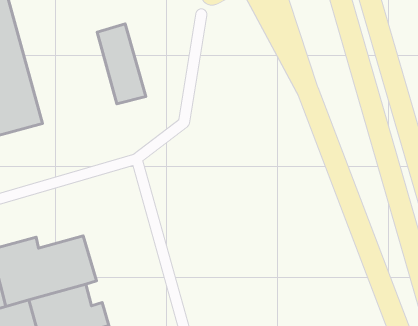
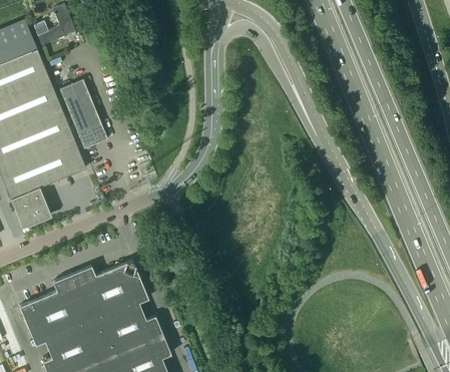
building: [97,24,146,104] -> [59,79,107,148]

